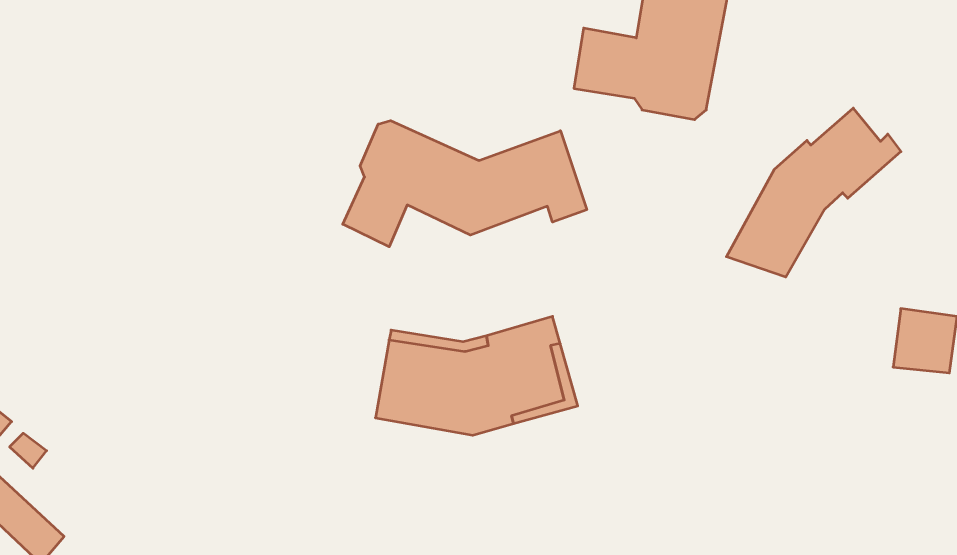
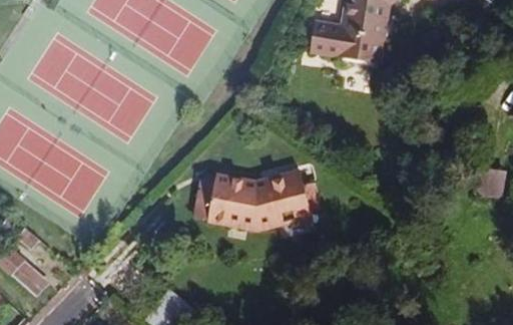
building: [726,108,901,277] -> none
building: [343,121,587,247] -> none

